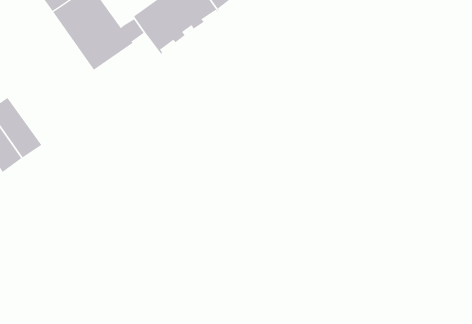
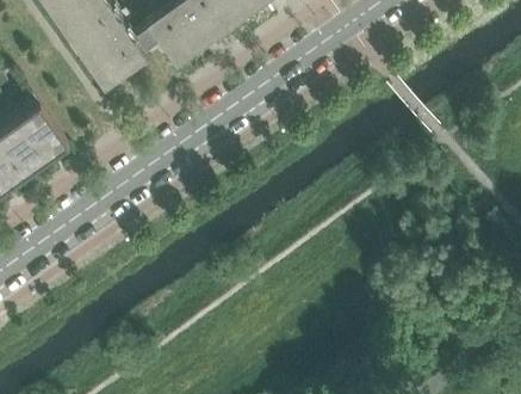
building: none -> [10,98,67,164]

